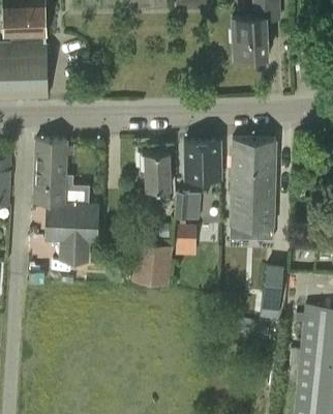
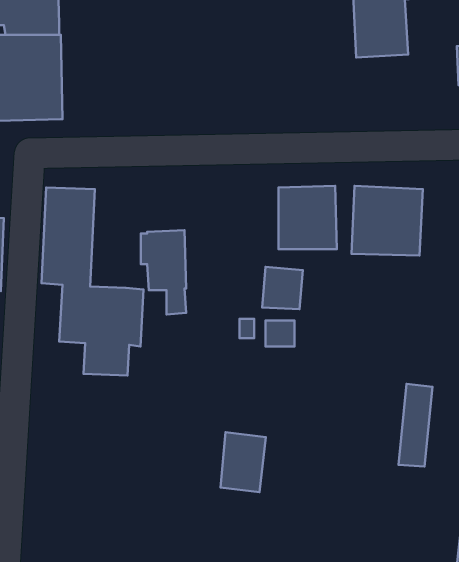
building: [142,153,171,207] -> [141,230,186,315]
building: [231,184,275,228] -> none
building: [141,246,170,285] -> [220,432,266,492]

